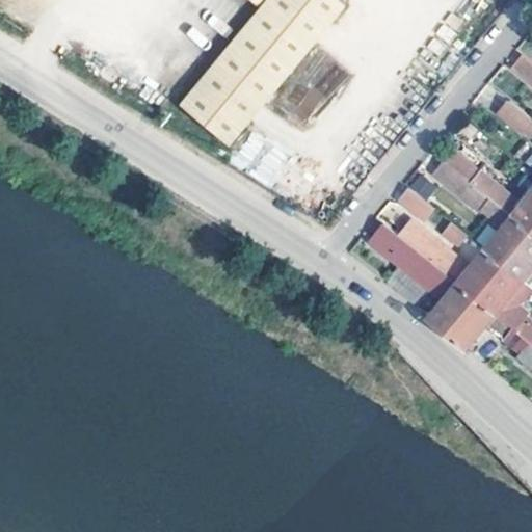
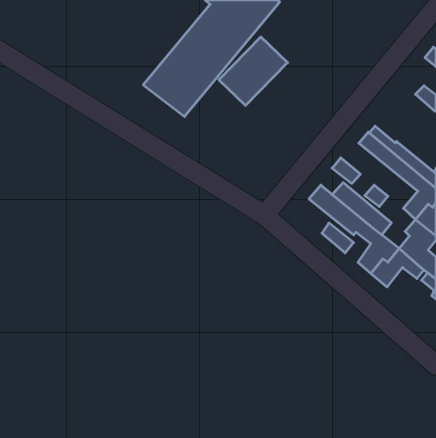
building: [462,252,503,301] -> none

